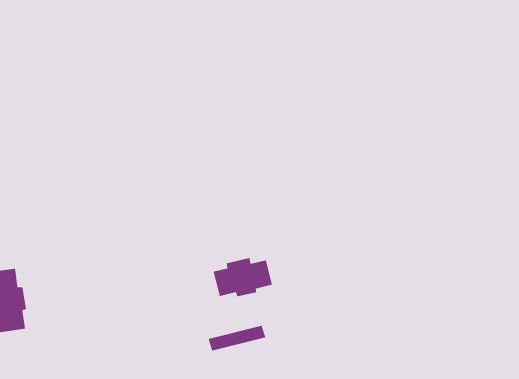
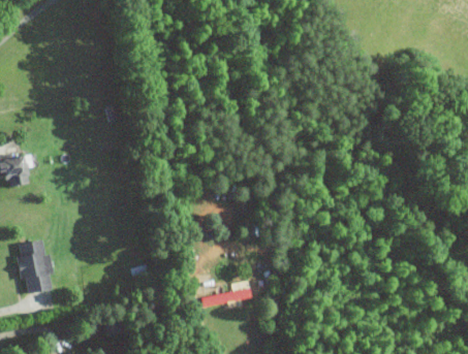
building: [213,257,272,297] -> none

